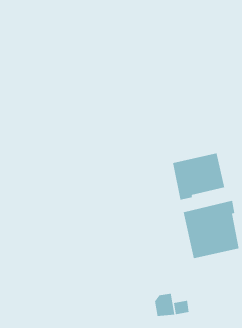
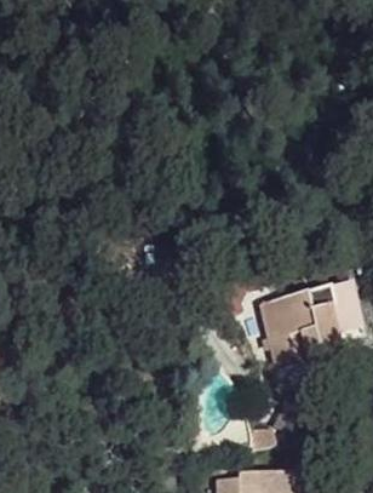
building: [173,153,225,201] -> none

